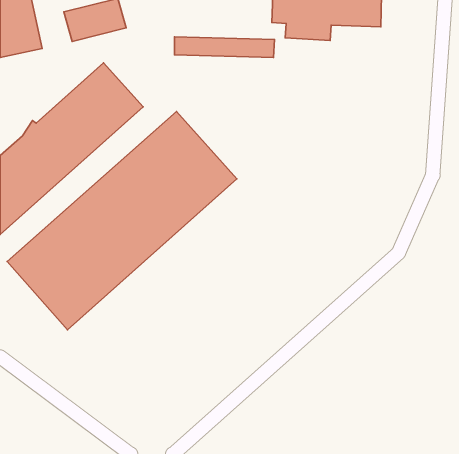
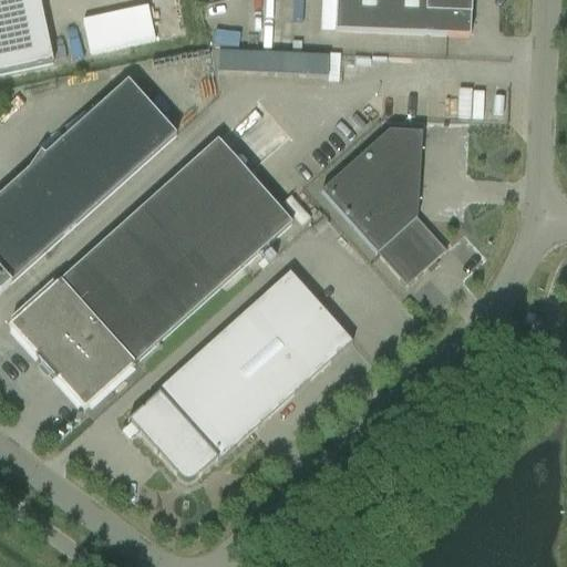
building: none -> [319,125,447,282]
building: none -> [127,269,352,478]

